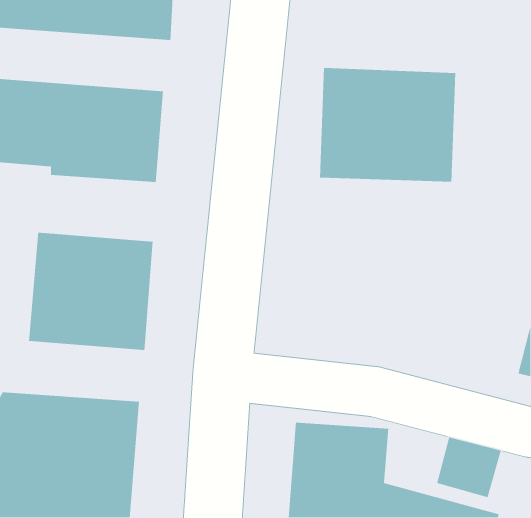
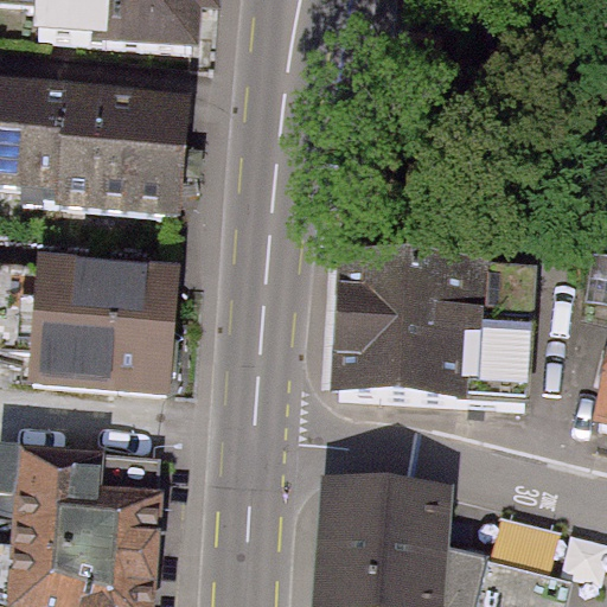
building: [319,67,456,182] -> none
building: none -> [340,269,533,397]

